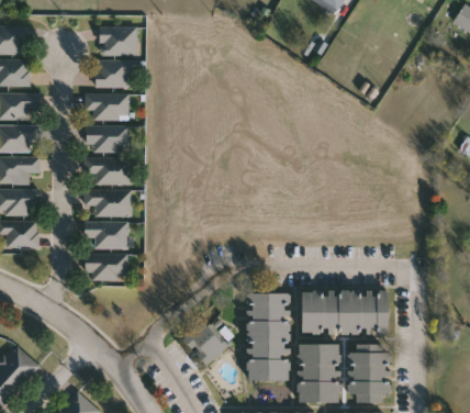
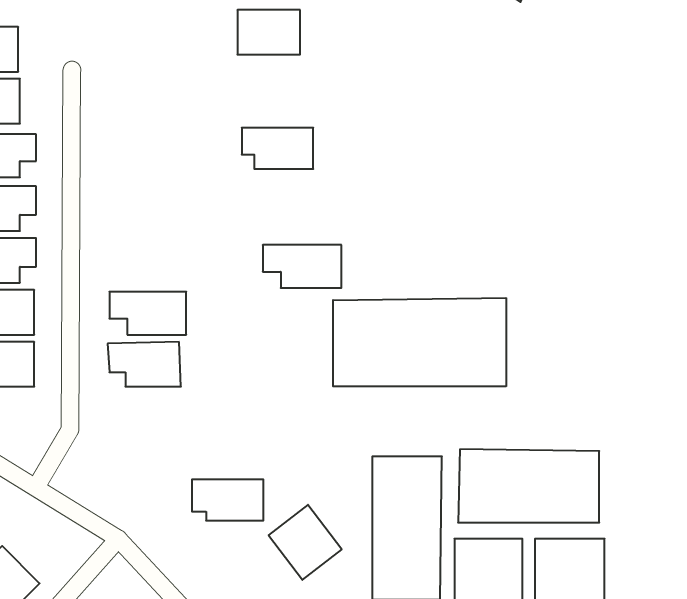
building: [99,29,137,56] -> [237,10,300,55]
building: [97,62,136,89] -> none
building: [86,96,130,121] -> [242,128,313,169]
building: [86,127,128,153] -> none
building: [85,159,133,186] -> [263,245,341,288]
building: none -> [333,298,506,386]
building: [85,255,128,280] -> [192,479,263,521]

